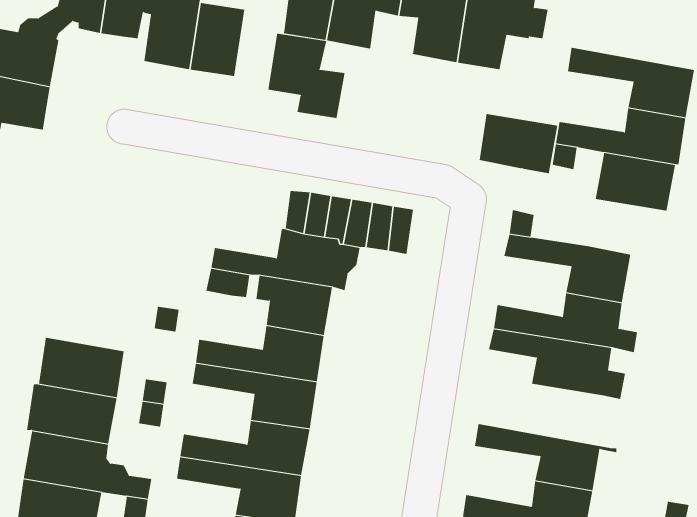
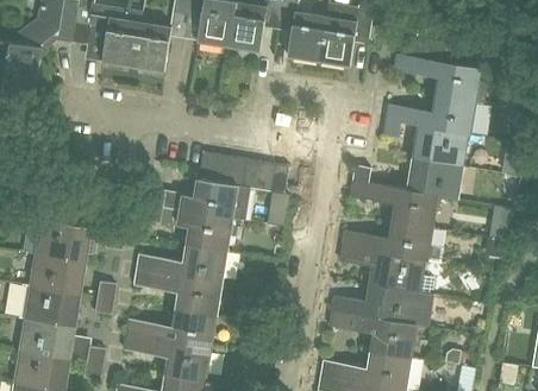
building: [268,33,345,119] -> none
building: [479,114,558,174] -> [407,157,462,198]
building: none -> [29,207,99,261]
building: none -> [331,284,434,328]

